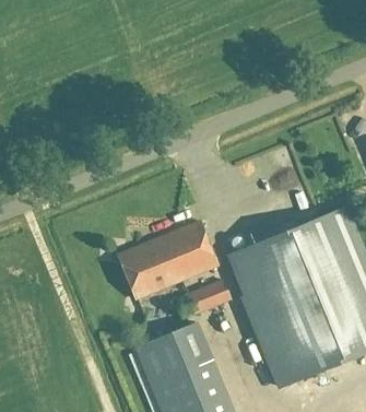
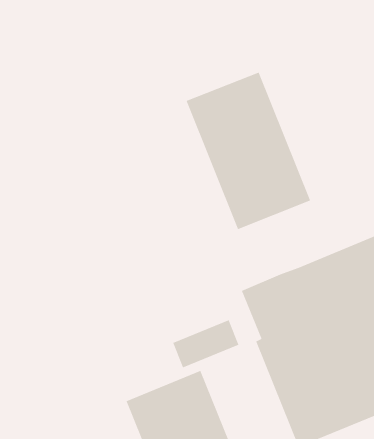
building: none -> [185,71,311,230]
building: [117,221,216,299] -> none

